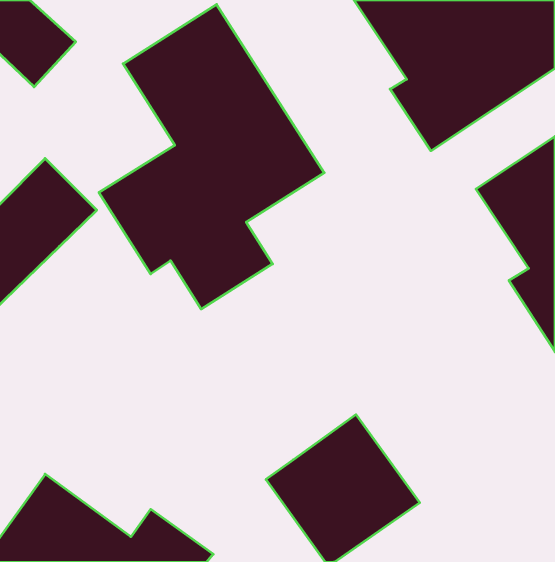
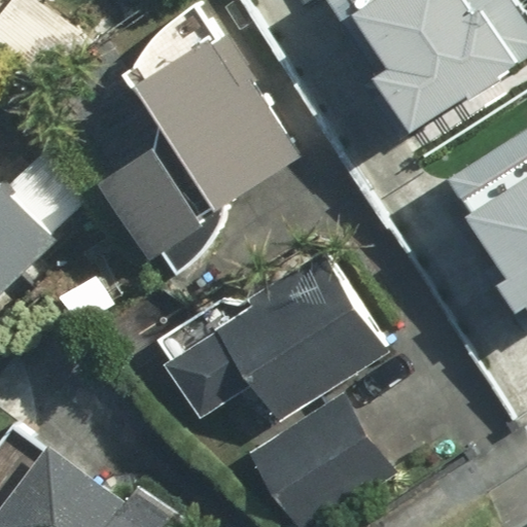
building: none -> [170,257,389,430]

